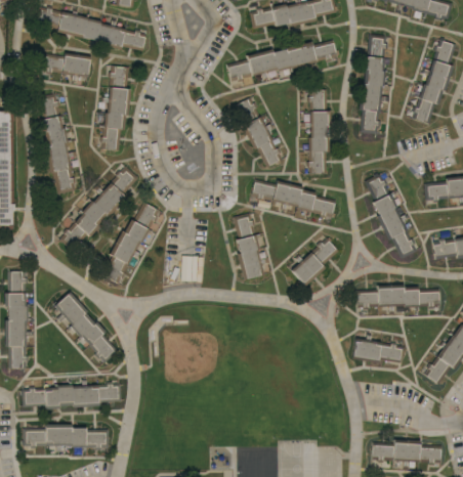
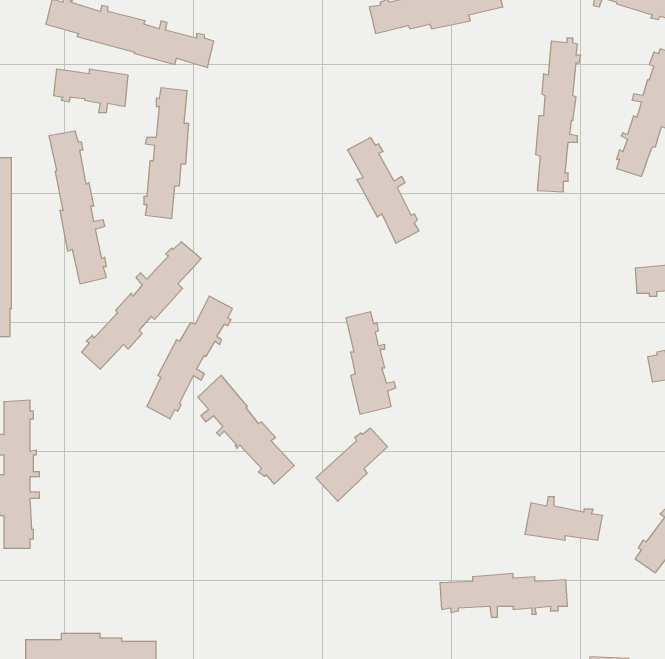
building: [226,40,337,82] -> none
building: [303,90,331,174] -> none
building: [365,174,416,259] -> none
building: [251,180,335,218] -> none
building: [291,238,338,287] -> [316,428,387,501]
building: [355,285,439,313] -> [440,574,568,617]
building: [54,292,118,363] -> [198,375,294,484]
building: [22,380,121,409] -> none

